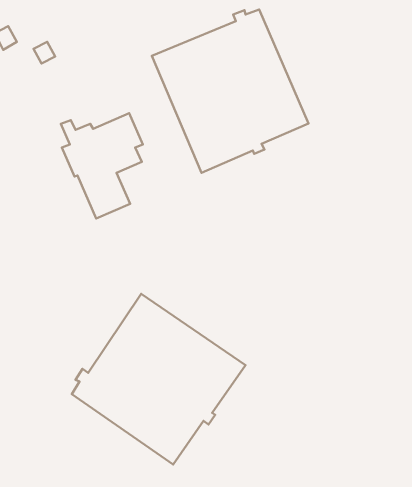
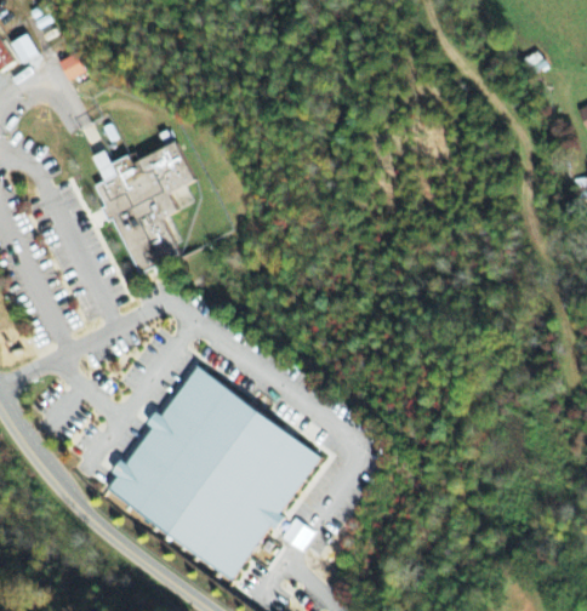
building: [152,10,308,173] -> none

